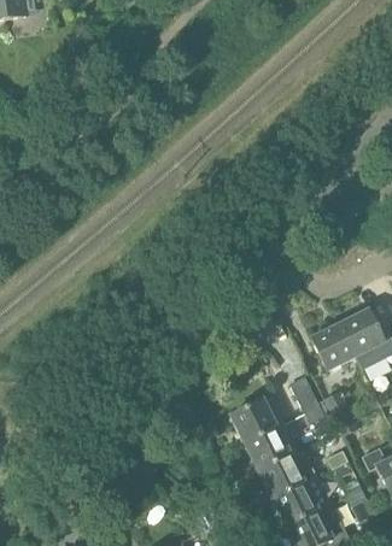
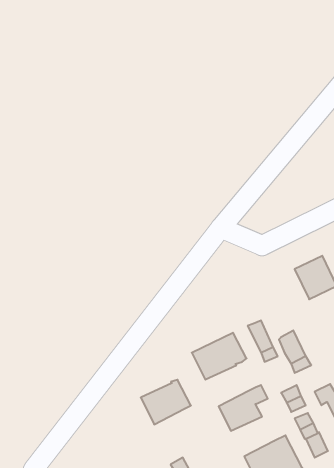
building: [311,324,356,371] -> none
building: [244,424,298,472] -> [141,380,191,424]
building: [271,483,318,527] -> none

